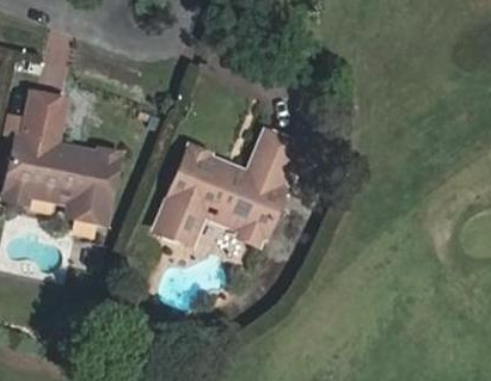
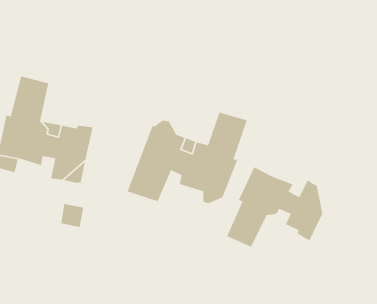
building: none -> [226,166,323,248]

